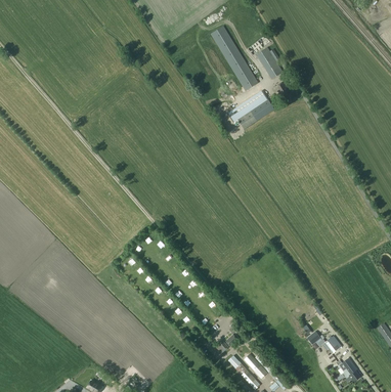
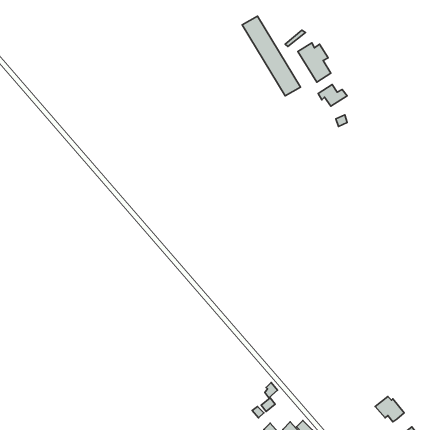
building: [232,91,270,128] -> none

